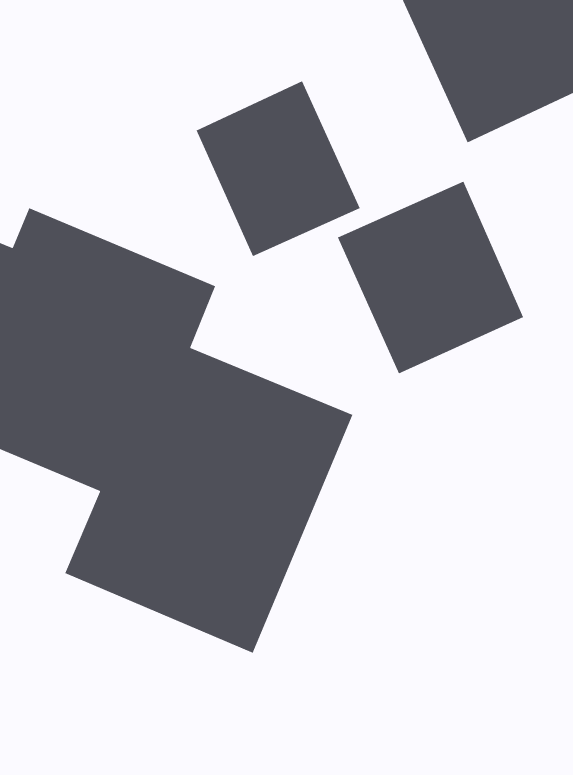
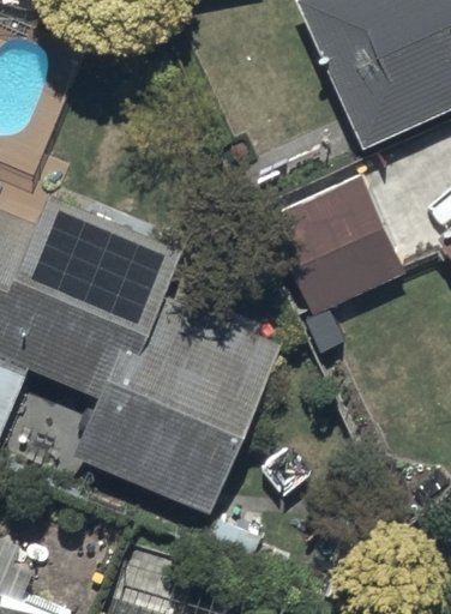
building: [195,80,361,257] -> none

